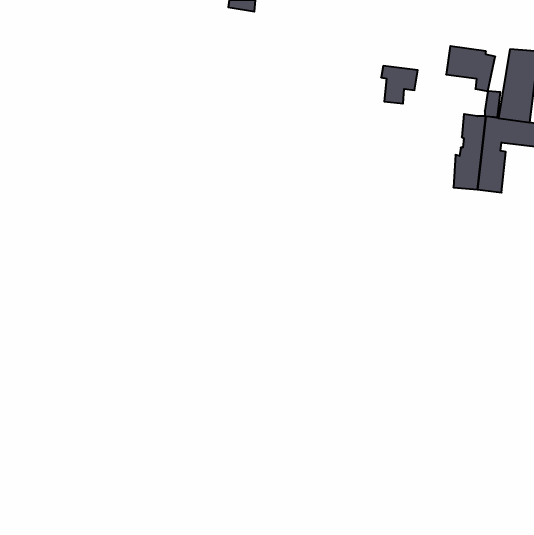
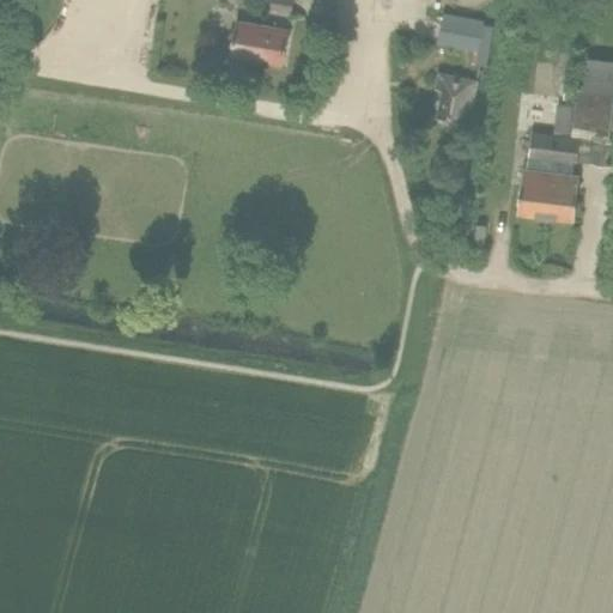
building: none -> [231,22,289,66]
building: [446,46,495,91] -> [438,13,494,65]

